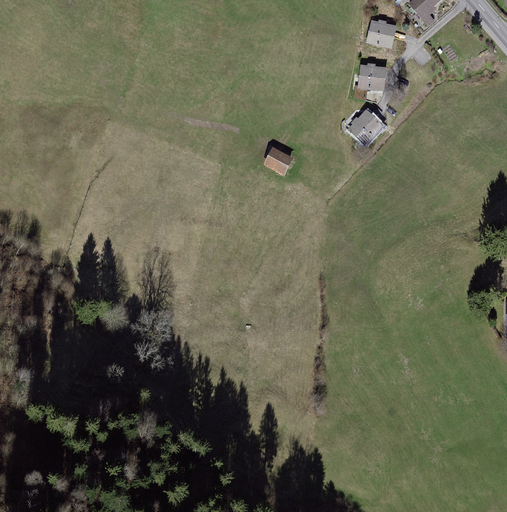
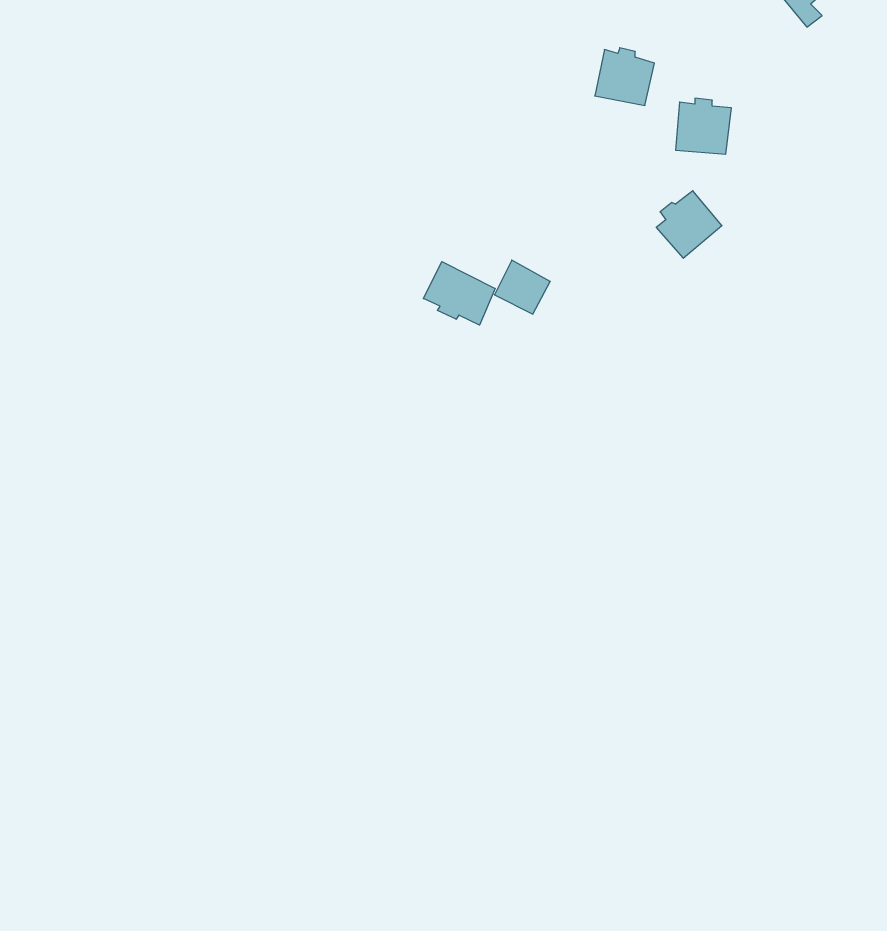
building: [366,19,397,49] -> [595,48,654,105]
building: none -> [423,262,495,325]

